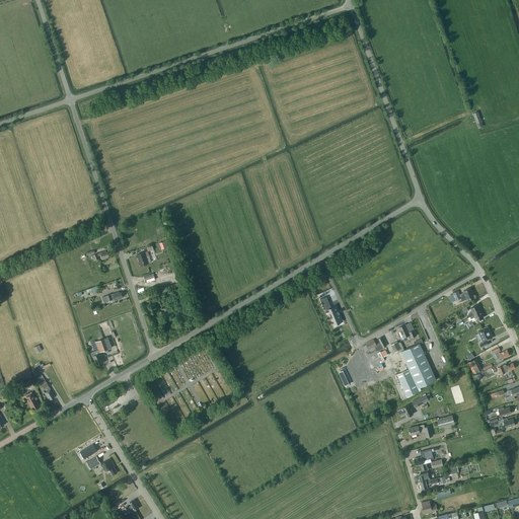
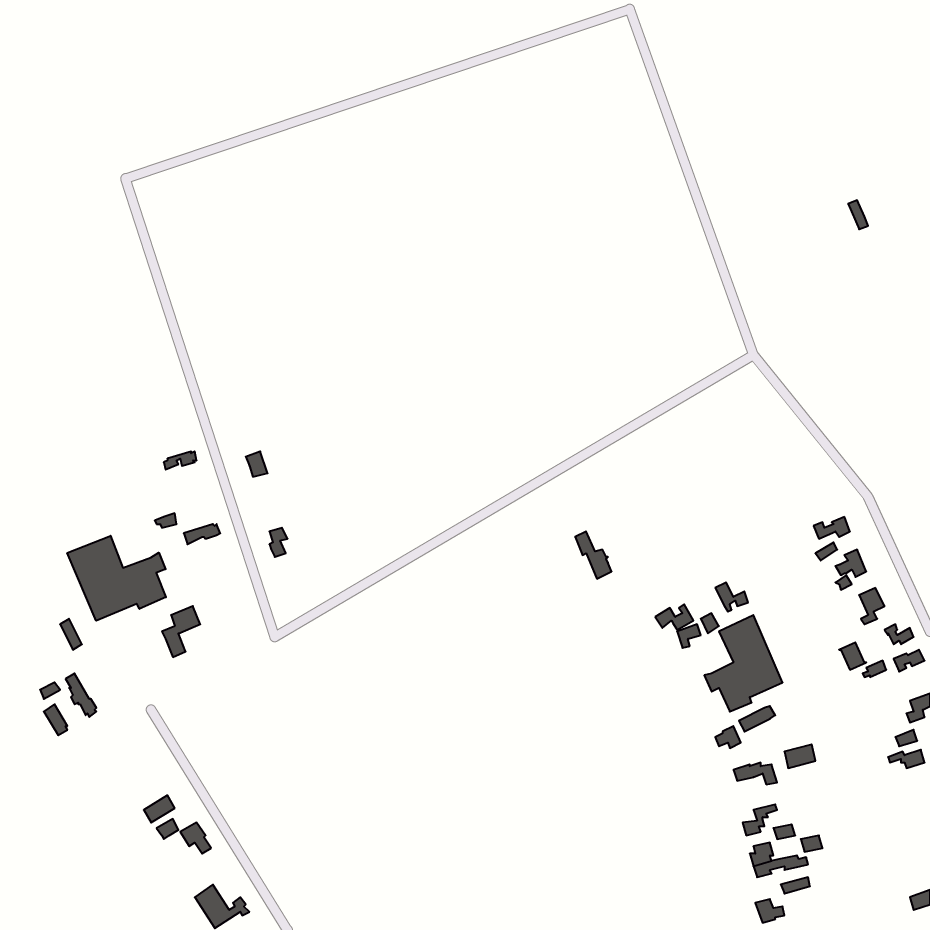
building: none -> [67,536,166,621]

